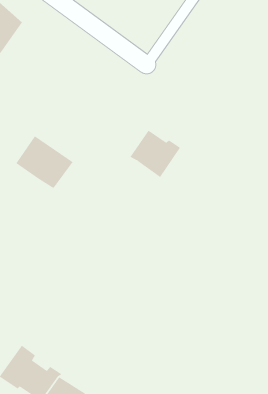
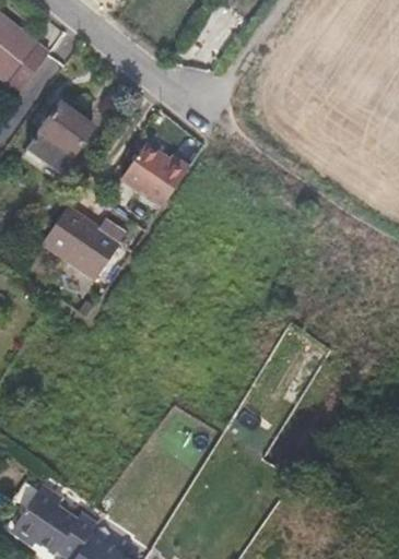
building: none -> [28,102,97,173]
building: [130,130,181,178] -> [115,143,184,207]

